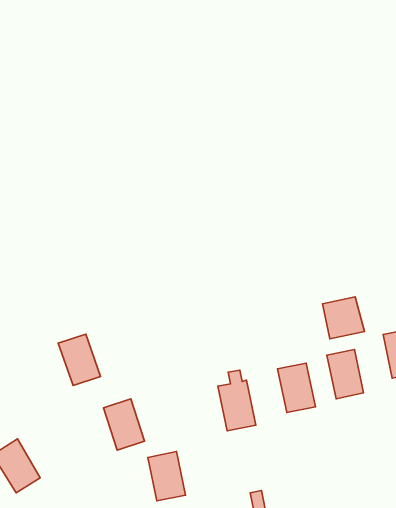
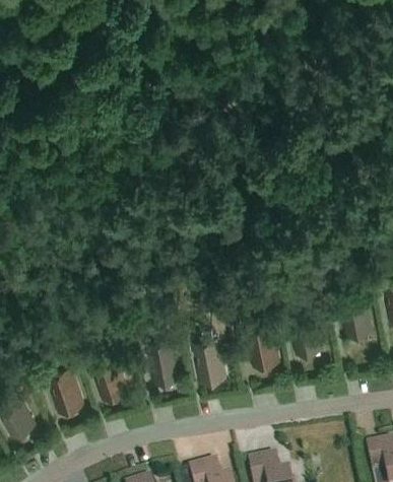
building: [323,297,364,339] -> none
building: [58,334,101,386] -> [48,373,85,419]
building: [148,452,186,501] -> [148,345,182,389]

